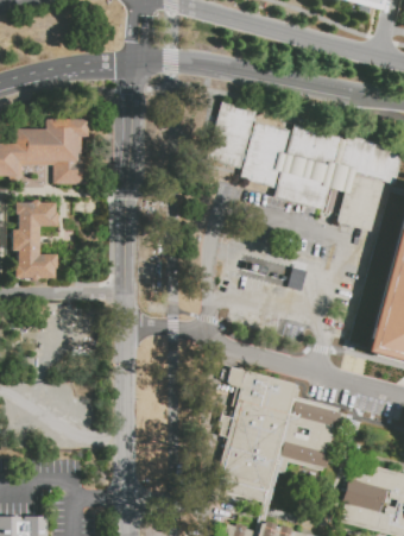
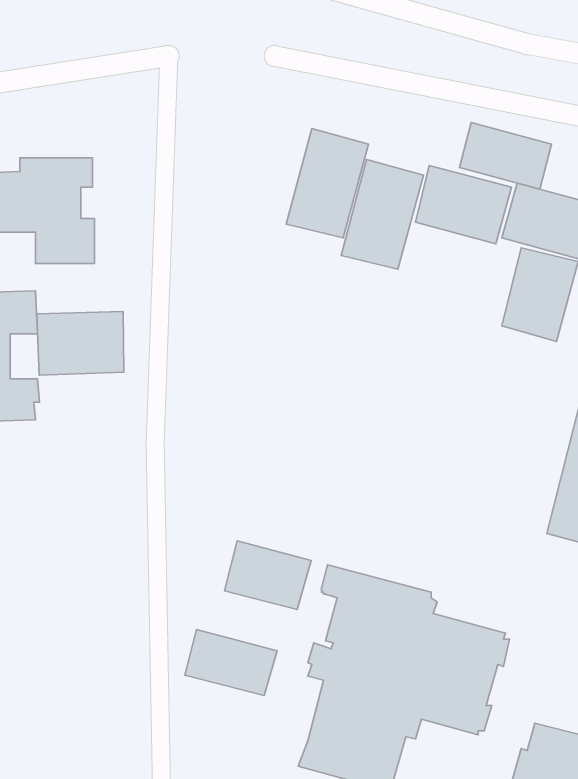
building: [276,170,332,210] -> [460,123,552,189]
building: none -> [37,311,124,375]
building: none -> [225,541,311,610]
building: none -> [185,630,277,696]

